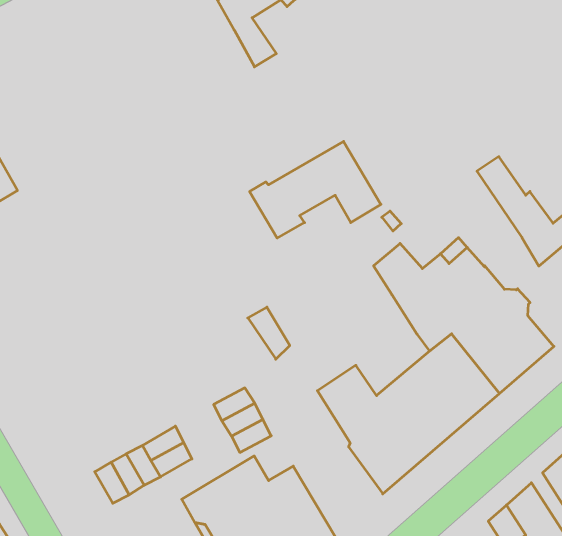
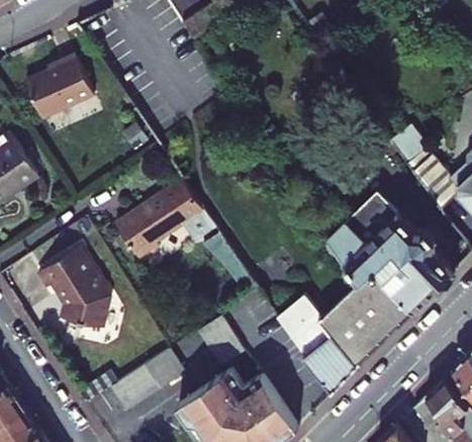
building: none -> [25,54,93,118]
building: [250,141,381,238] -> [115,181,216,258]
building: none -> [37,248,107,328]

